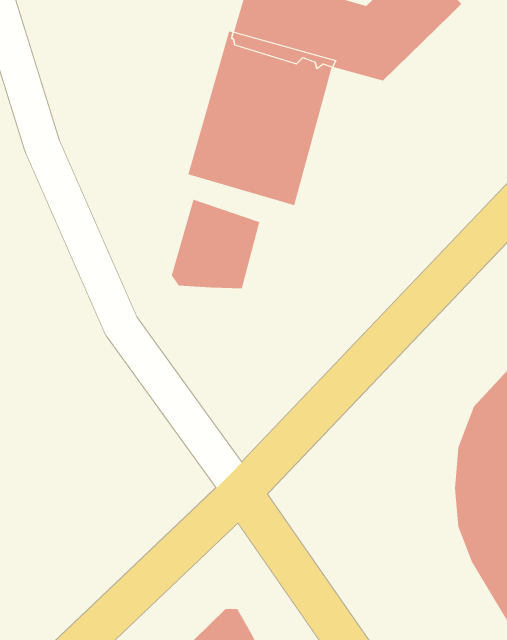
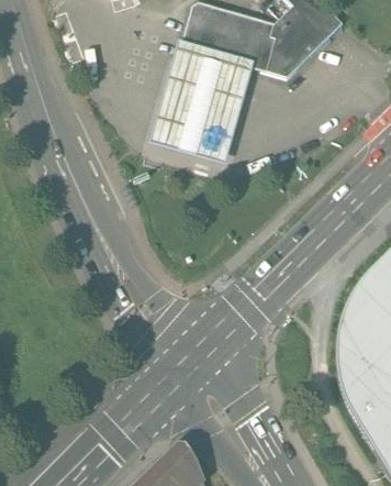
building: [171,199,260,289] -> none

